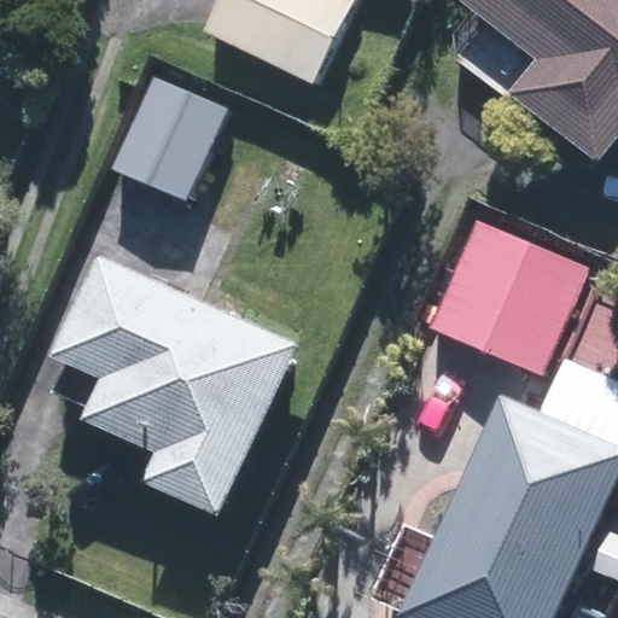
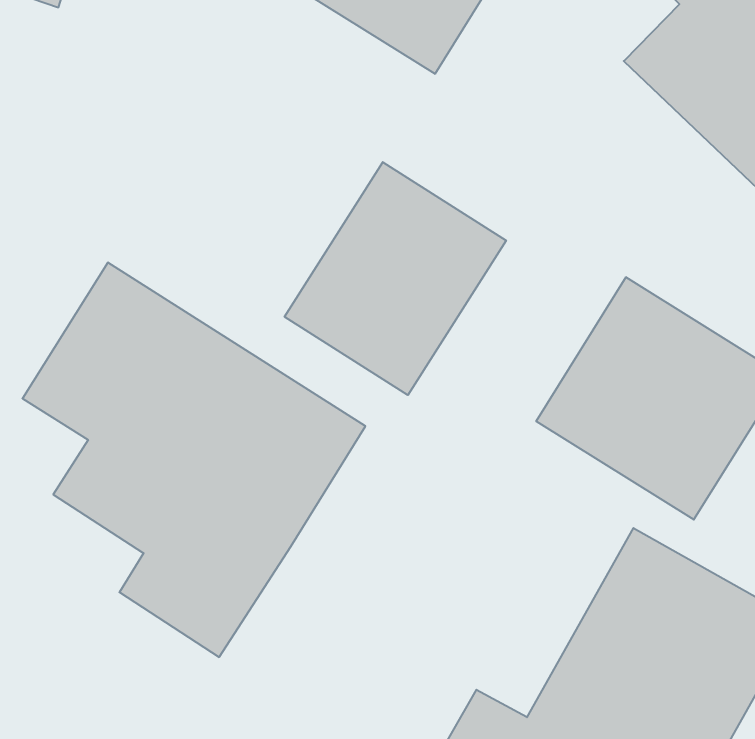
building: [110,68,235,205] -> none
building: none -> [285,162,506,395]

